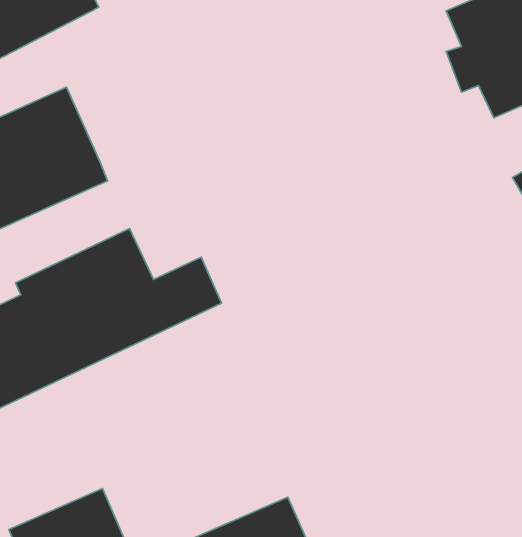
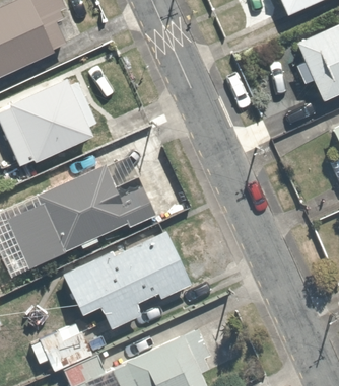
building: none -> [66,229,194,326]

